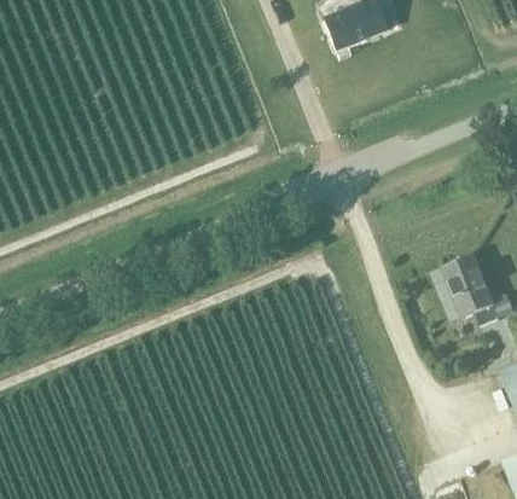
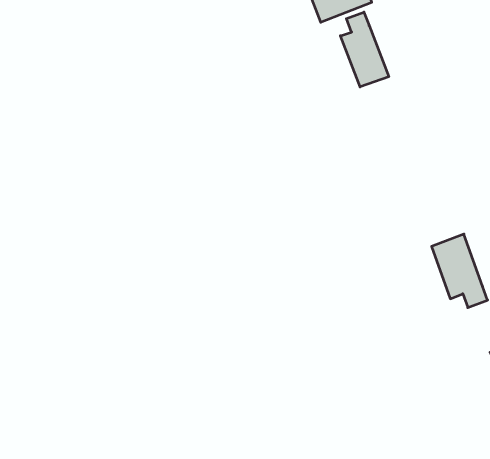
building: none -> [340,12,389,87]

